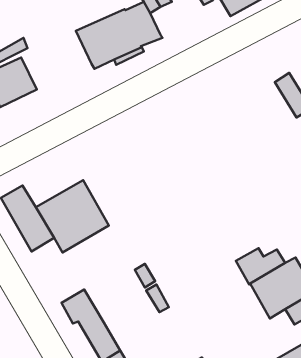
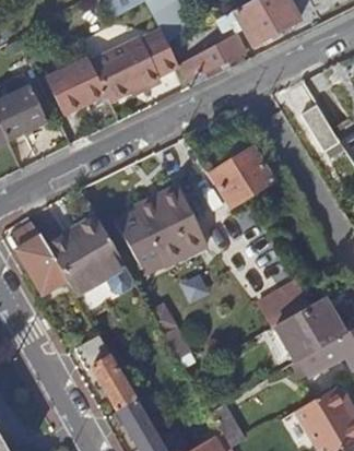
building: none -> [179,32,247,81]
building: none -> [48,58,106,114]
building: none -> [211,147,273,207]
building: none -> [116,189,208,274]

